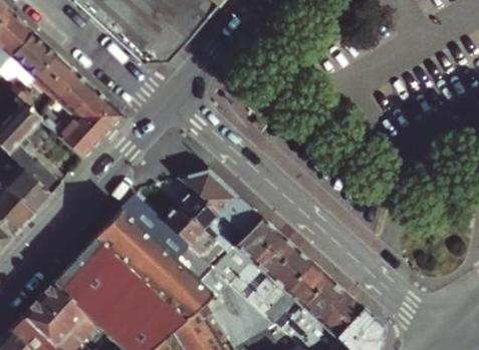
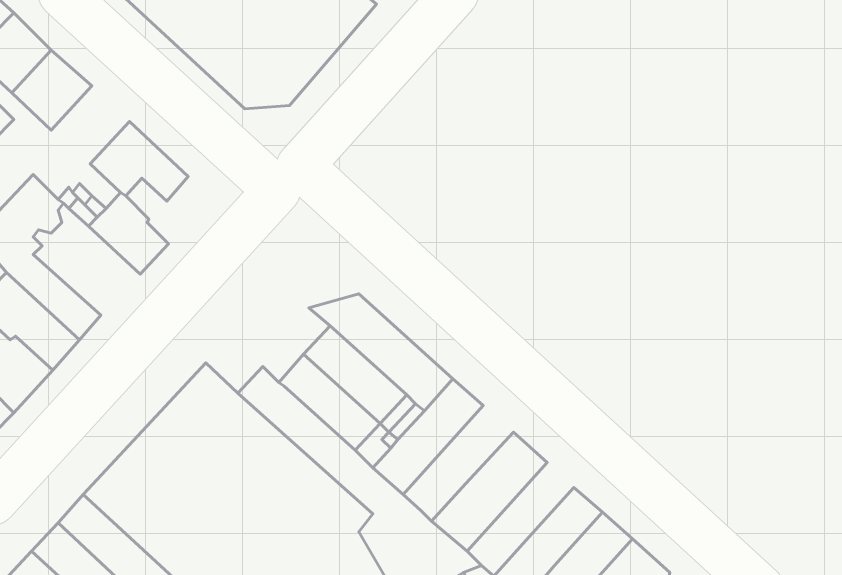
building: [31,52,75,96] -> none
building: [73,103,122,141] -> none
building: [230,233,292,292] -> none
building: [266,265,326,323] -> none

